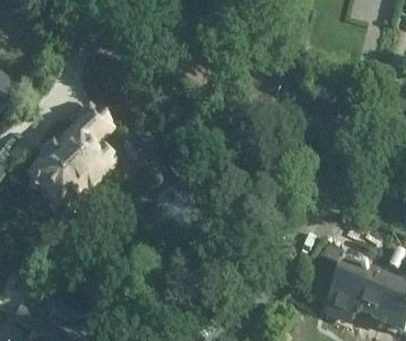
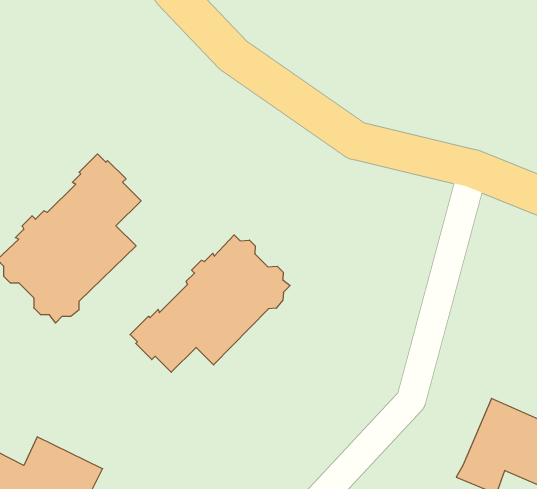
building: none -> [130,235,290,372]

